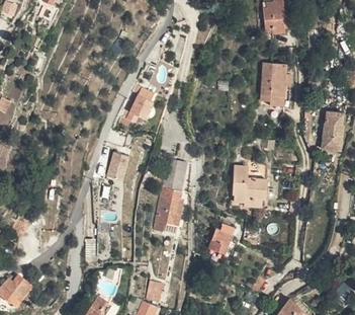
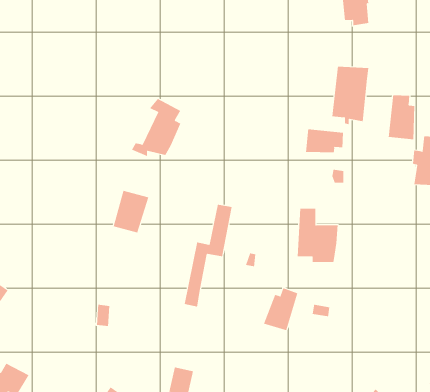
building: none -> [388,94,415,140]
building: none -> [305,128,344,153]
building: [163,200,182,229] -> none

